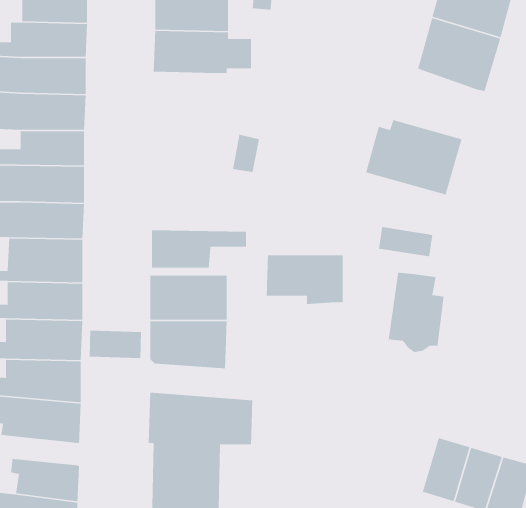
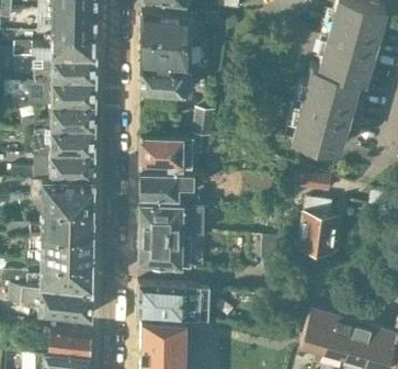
building: none -> [304,66,361,114]
building: none -> [141,69,185,94]
building: [266,254,343,305] -> [140,138,193,172]
building: [89,330,142,359] -> none
building: none -> [302,310,334,354]

